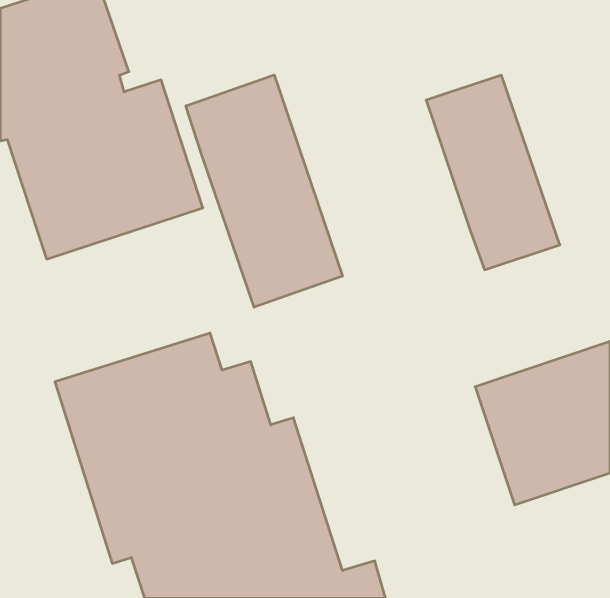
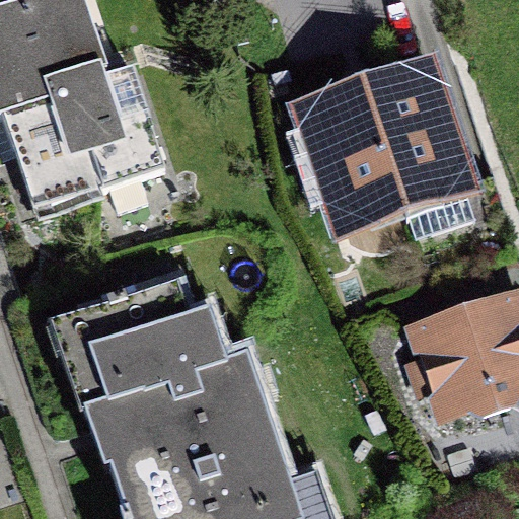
building: [186,75,342,307] -> none
building: none -> [297,85,399,218]

